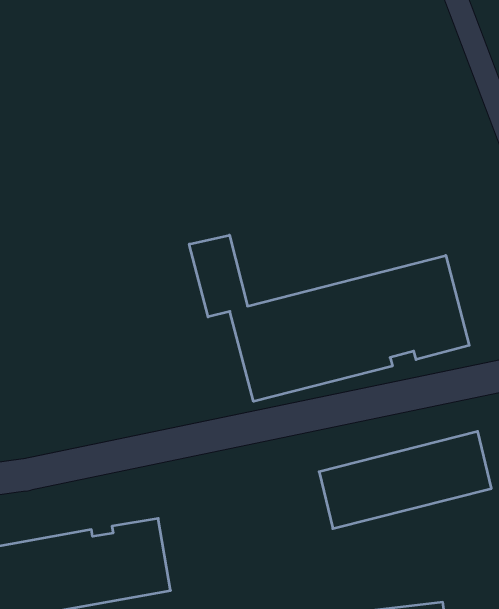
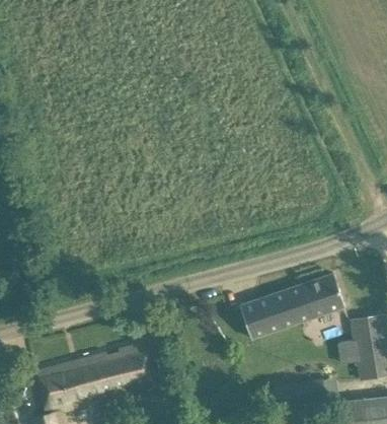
building: [189,235,469,401] -> none

